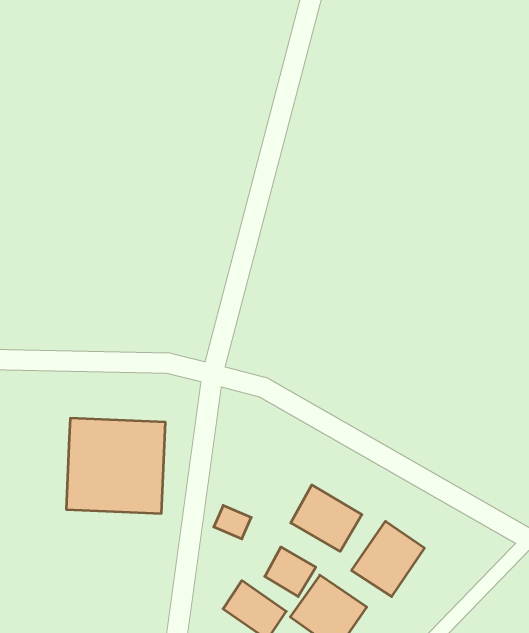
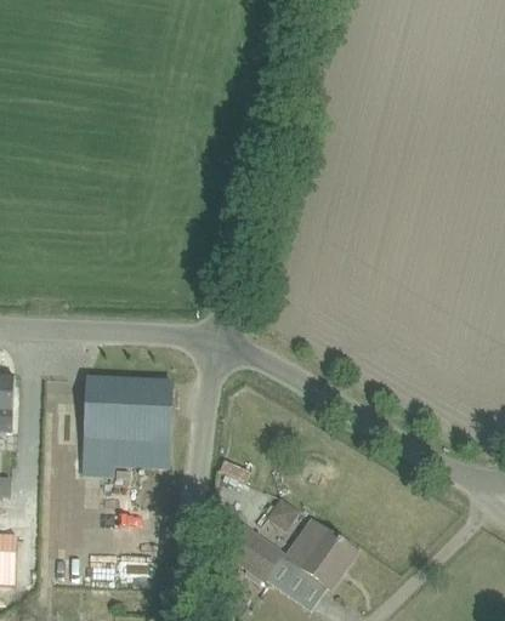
building: [291,485,362,551] -> none
building: [352,521,424,597] -> none

